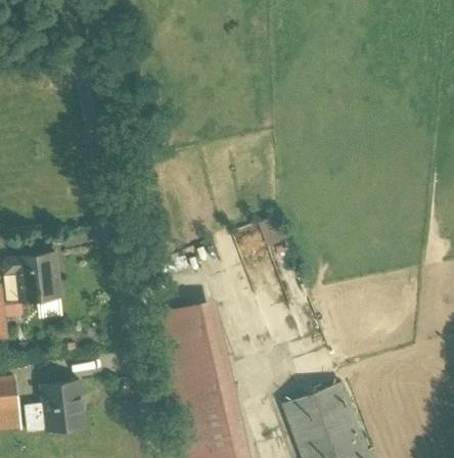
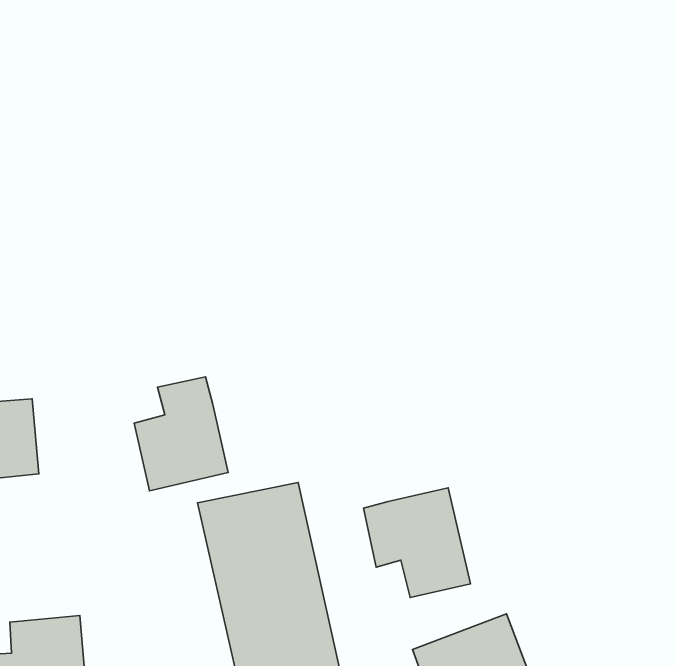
building: none -> [134,377,228,491]
building: none -> [363,488,471,597]

